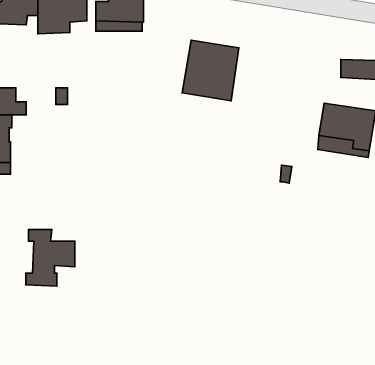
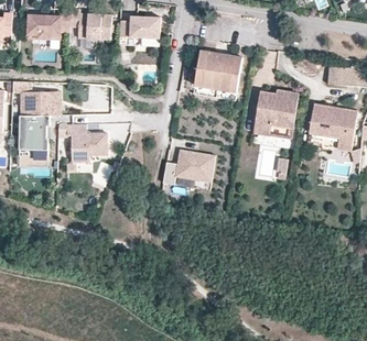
building: none -> [256,89,300,136]
building: none -> [163,150,216,186]
building: [26,229,75,286] -> [64,122,106,170]

